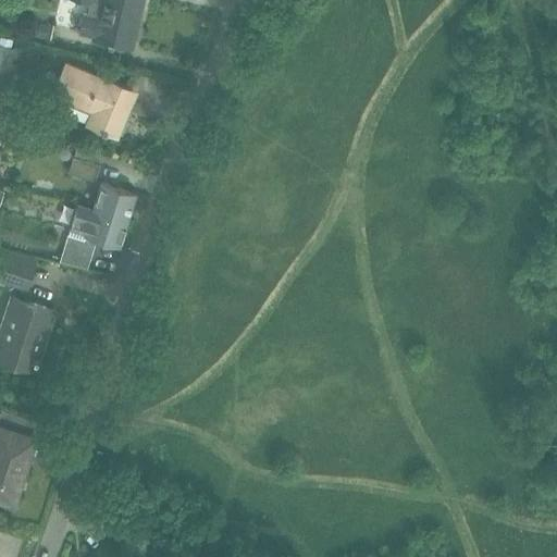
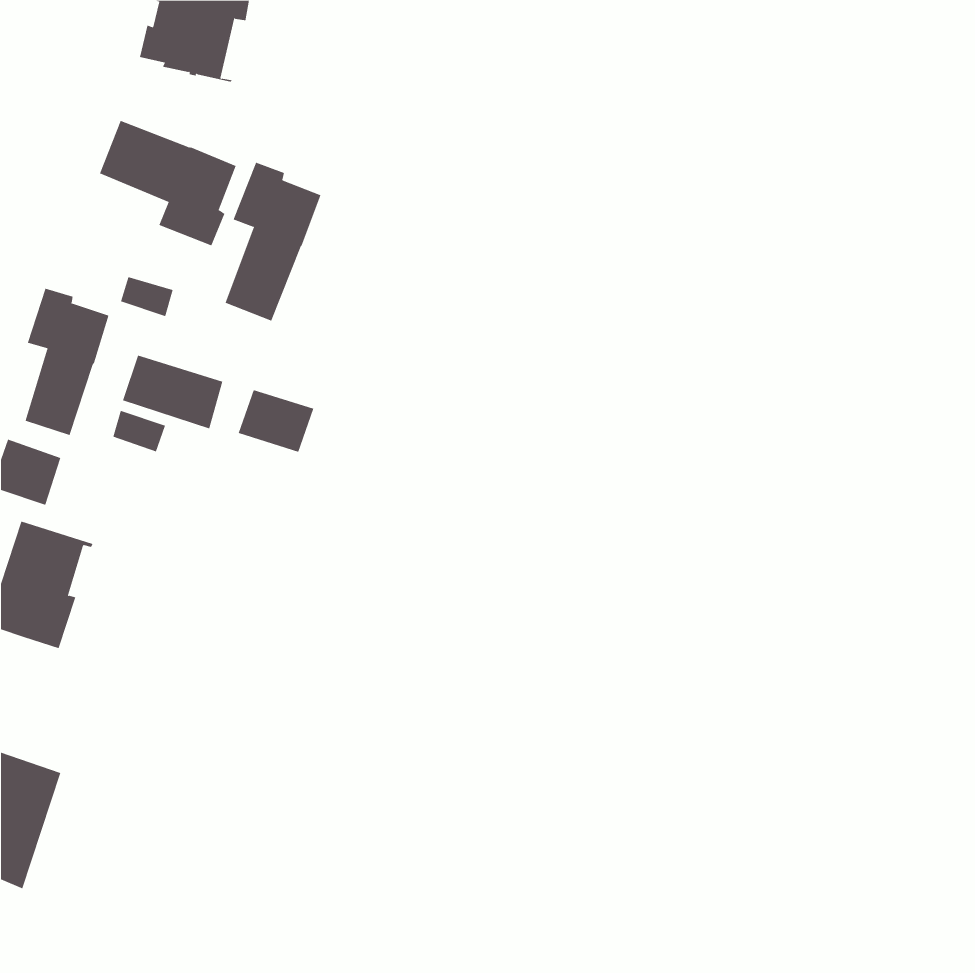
building: none -> [225,162,321,321]
building: none -> [25,288,109,436]
building: [92,183,136,219] -> [238,389,314,452]

